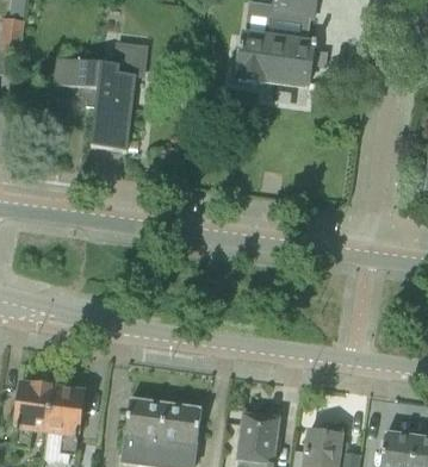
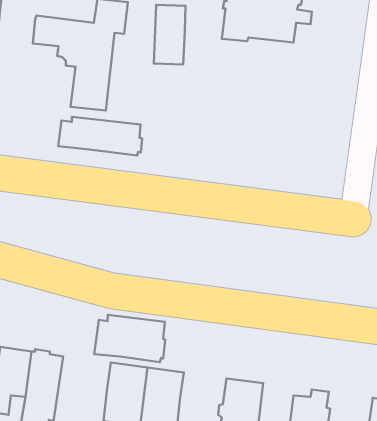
building: none -> [154,5,186,64]
building: none -> [58,117,142,155]
building: none -> [94,315,165,362]

